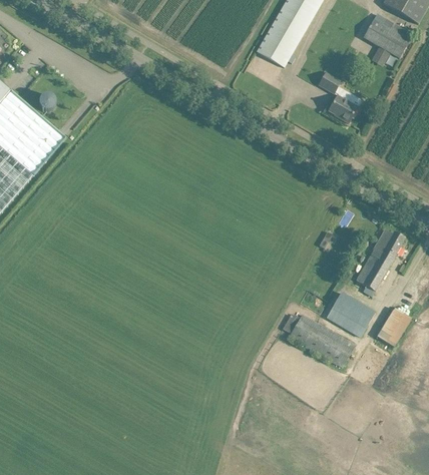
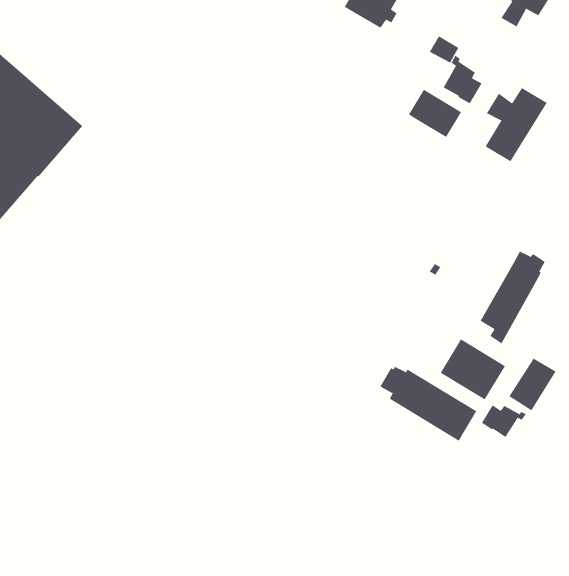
building: none -> [485,87,548,162]
building: none -> [408,89,462,138]
building: none -> [481,405,527,438]

